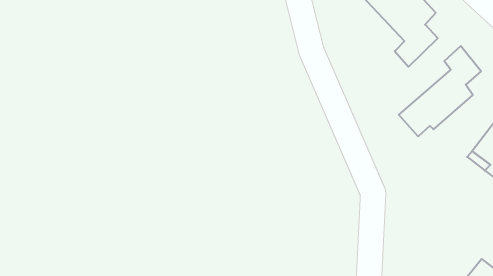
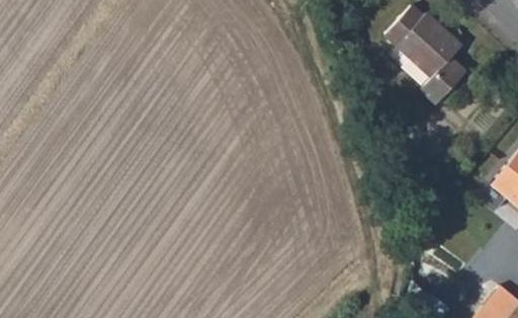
building: [399,46,481,136] -> none

